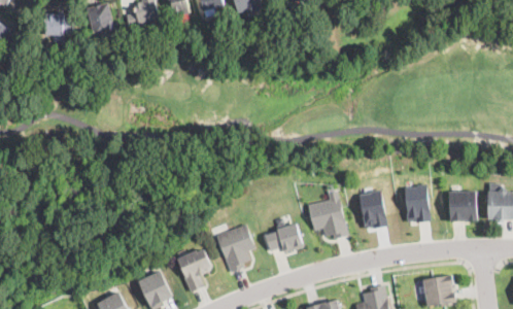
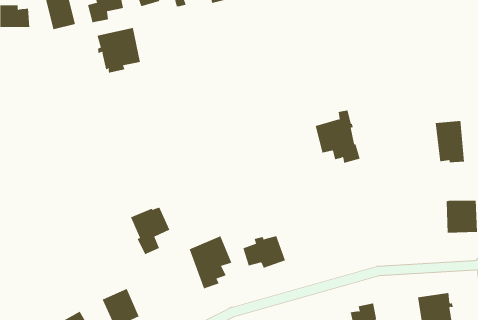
building: none -> [97,27,141,73]
building: [403,184,430,222] -> [435,121,465,163]
building: [358,190,386,228] -> none
building: [307,191,348,239] -> [315,110,361,163]
building: [177,249,213,293] -> [130,207,170,255]

